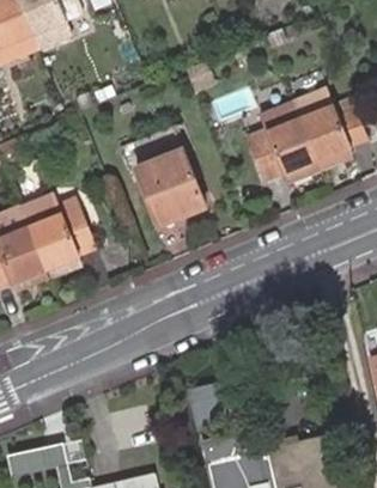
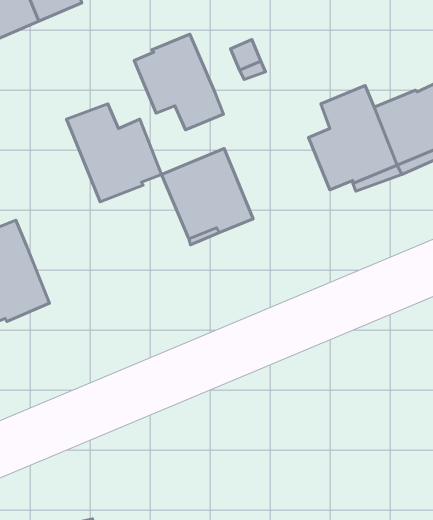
building: none -> [134,34,224,130]
building: [19,193,93,269] -> [66,104,161,202]

